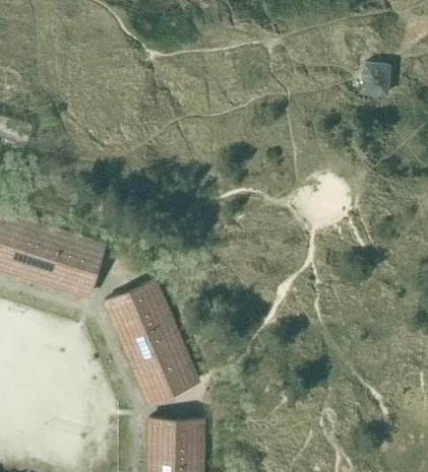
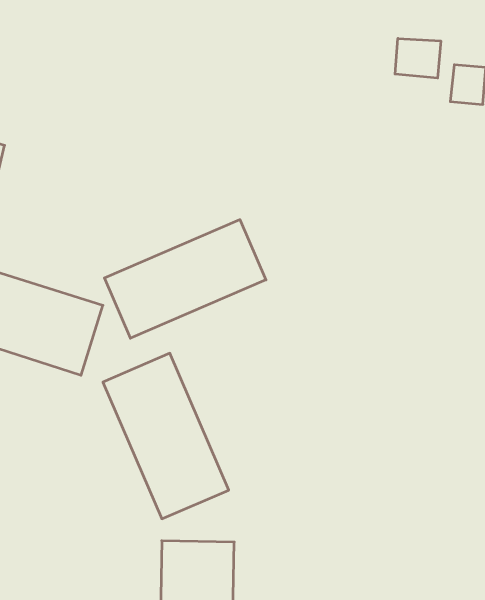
building: none -> [395,38,441,78]
building: none -> [104,220,266,338]

